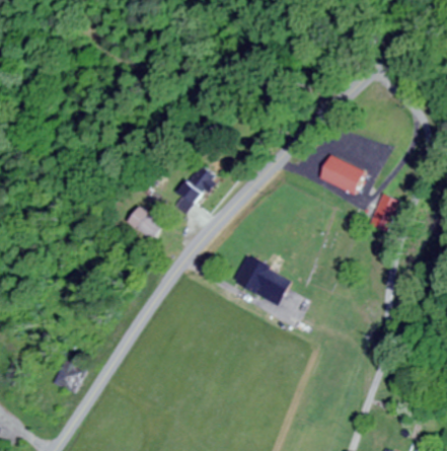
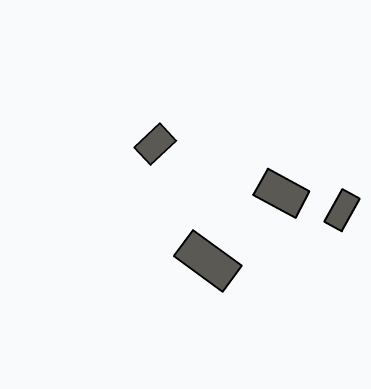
building: [319,156,369,196] -> [253,169,309,218]
building: [127,207,162,240] -> none

